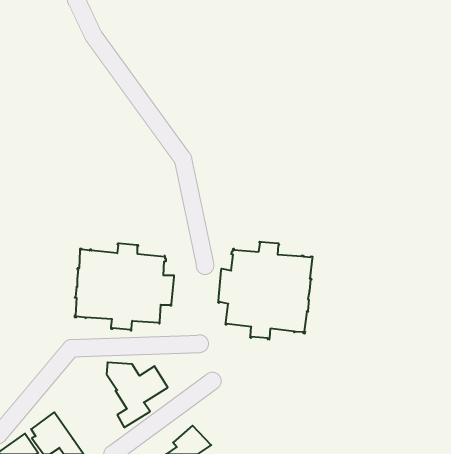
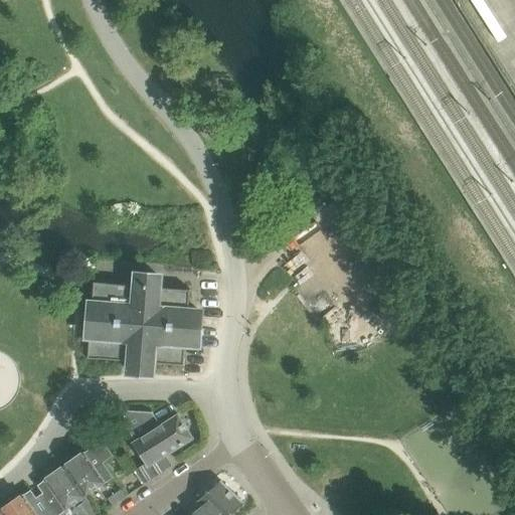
building: [218,242,313,340] -> none
building: none -> [61,433,111,497]

